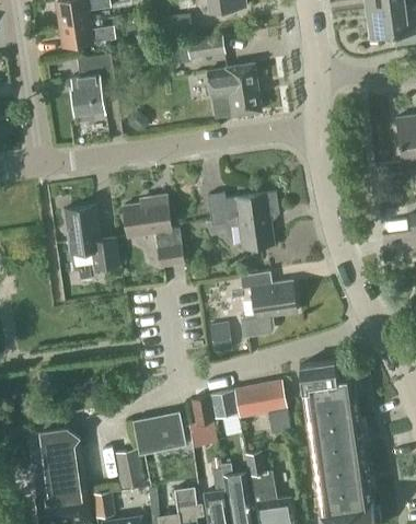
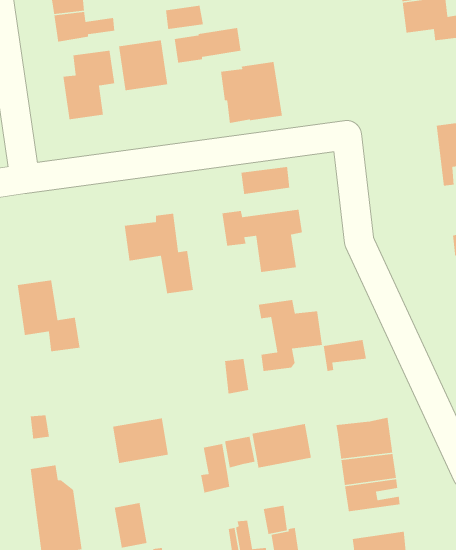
building: none -> [118,40,168,91]
building: none -> [241,166,290,195]
building: [63,206,119,269] -> [17,279,81,352]
building: [299,360,337,388] -> [323,339,367,372]
building: [135,414,184,454] -> [112,417,169,464]
building: [319,451,368,480] -> none

